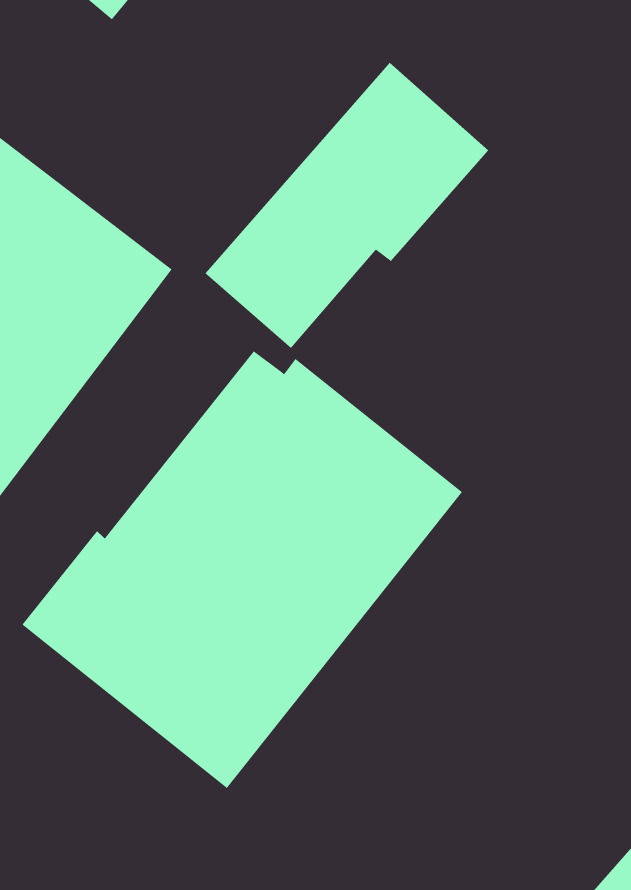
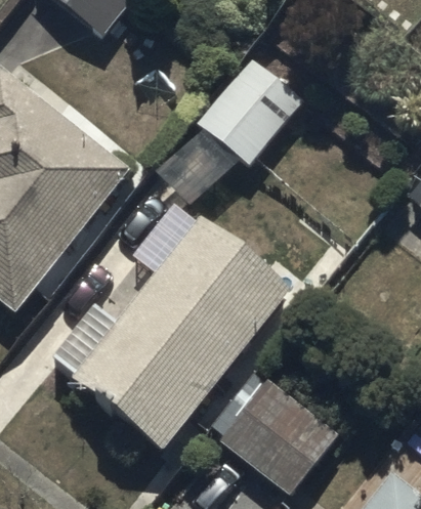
building: none -> [213,372,343,498]

